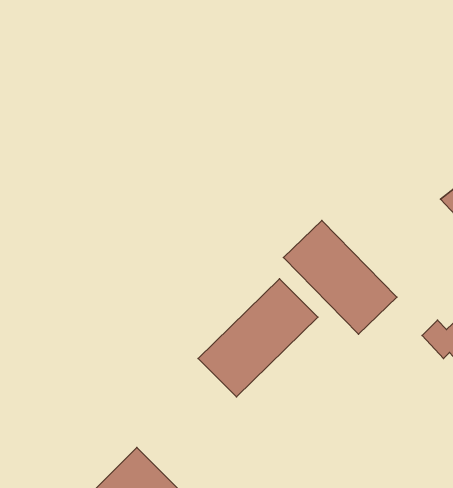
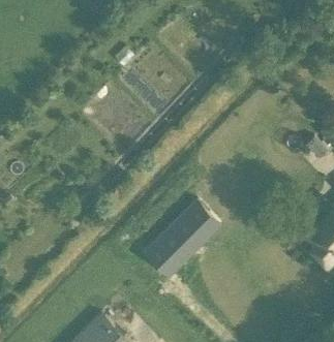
building: [283,221,397,334] -> none

